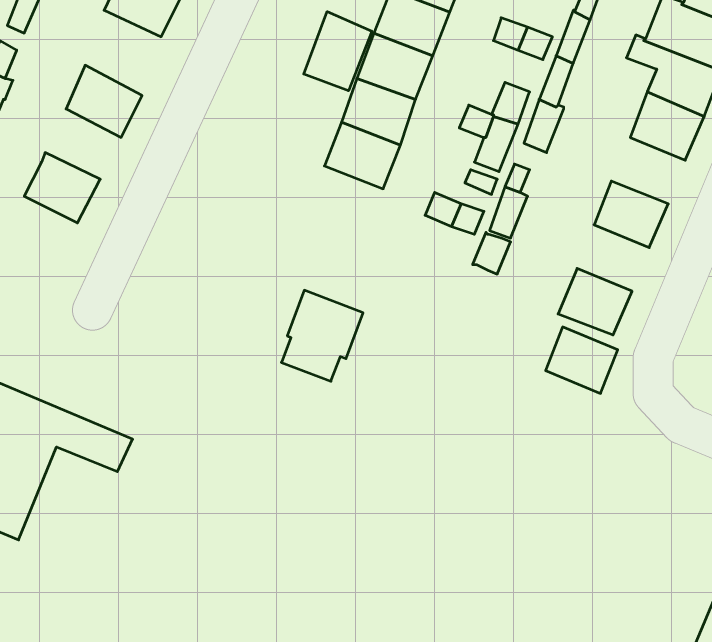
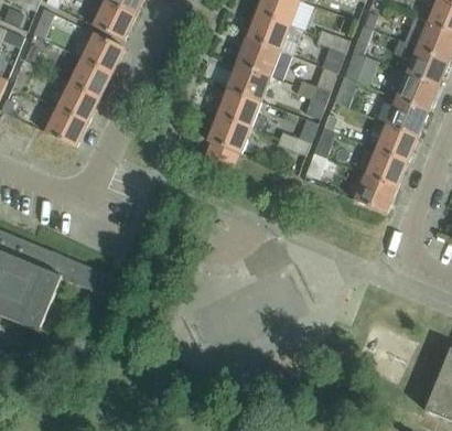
building: [304,12,372,91] -> none
building: none -> [79,30,126,73]
building: none -> [56,80,100,121]
building: none -> [385,97,428,136]
building: [281,290,363,381] -> [205,114,252,166]
building: [546,327,618,393] -> [365,148,407,186]

